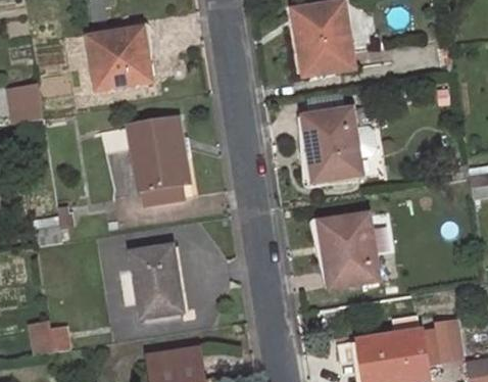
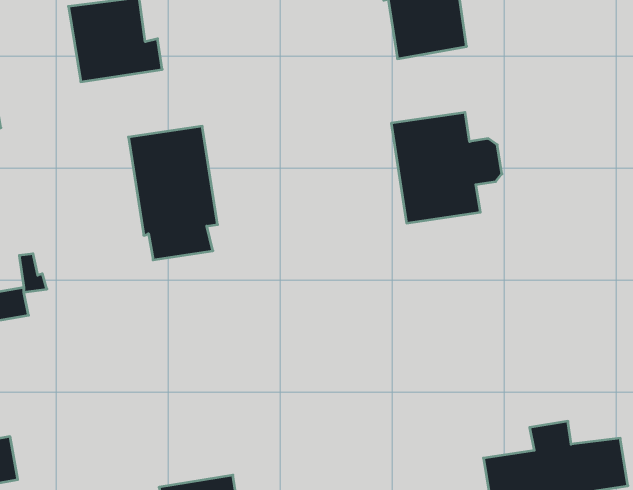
building: [319,213,379,289] -> none
building: [130,245,182,318] -> none

